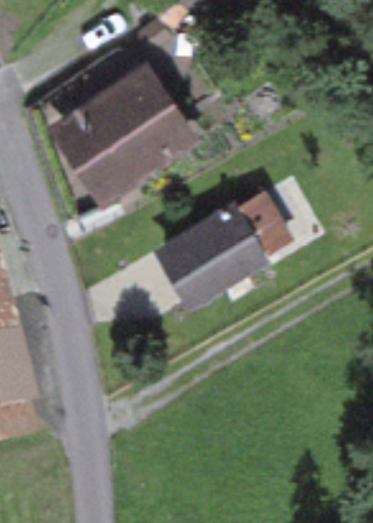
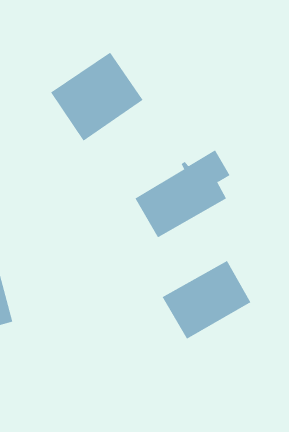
building: none -> [162,260,251,340]

